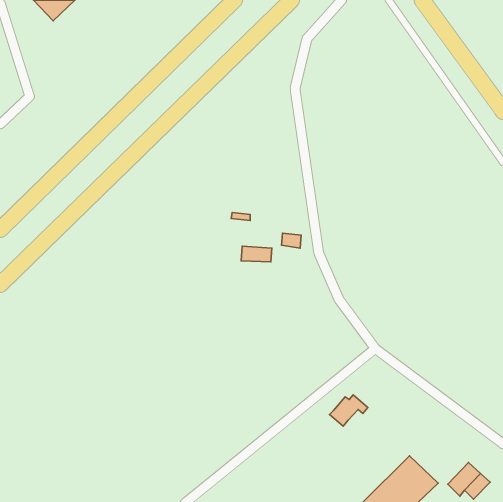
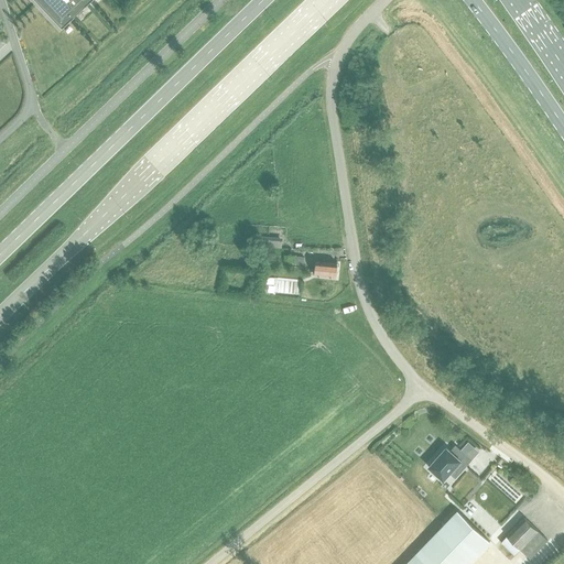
building: [329,395,368,426] -> [429,446,471,481]

